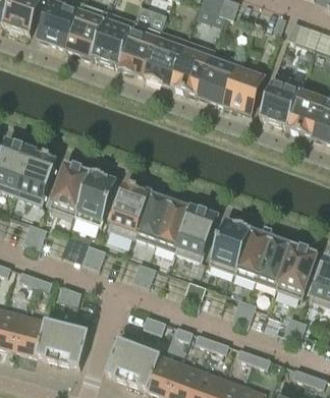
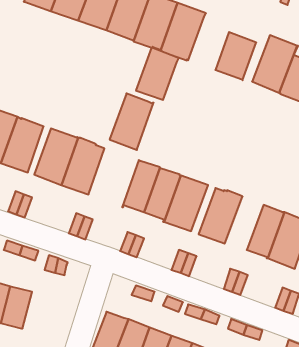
building: [197,53,238,104] -> [136,48,179,100]
building: [106,182,149,237] -> [110,93,154,150]
building: [232,227,270,279] -> none
building: [36,320,88,366] -> none

